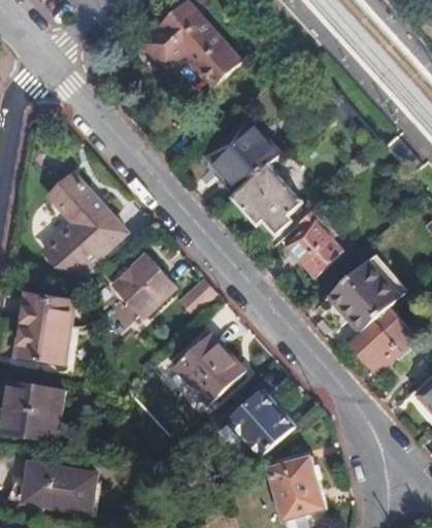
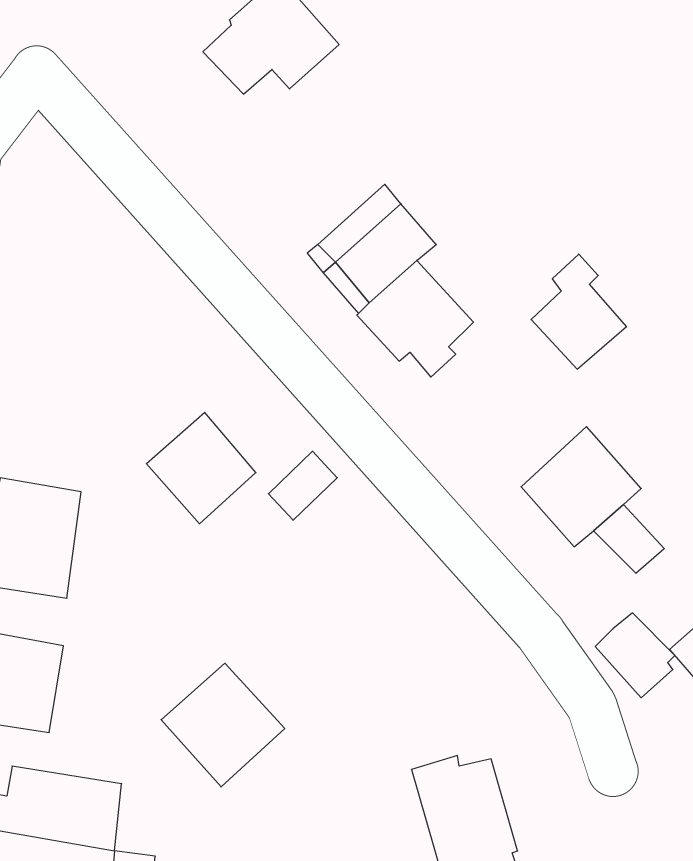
building: [194,39,241,86] -> none
building: [43,172,126,268] -> none
building: [287,207,342,274] -> [531,254,626,369]
building: [350,323,396,372] -> [595,613,675,698]
building: [173,332,245,404] -> [161,663,285,787]
building: [228,391,294,456] -> none

